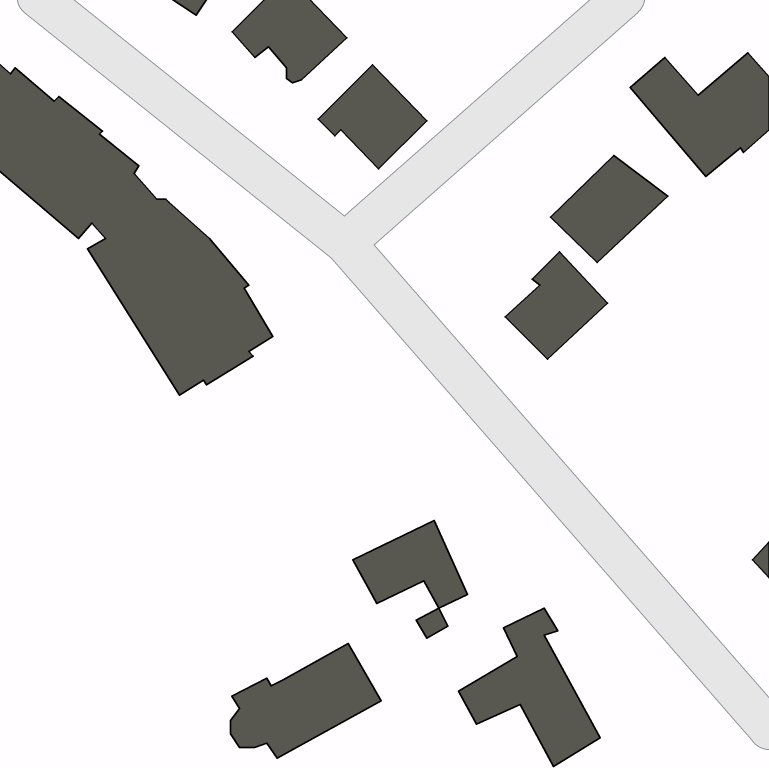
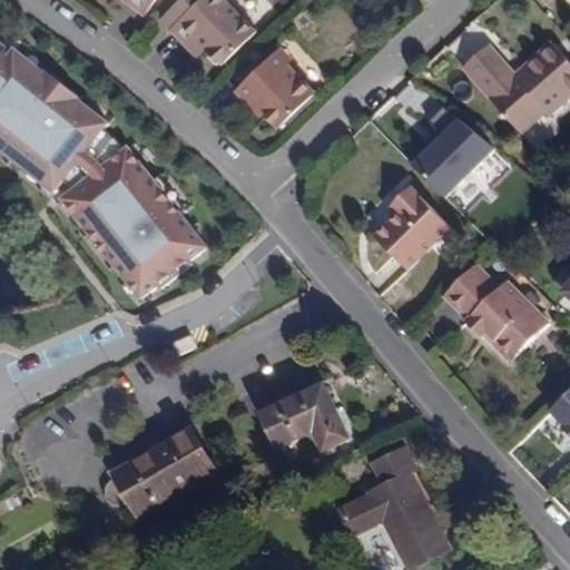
building: none -> [444,264,546,355]
building: [230,643,381,758] -> [102,430,214,514]

